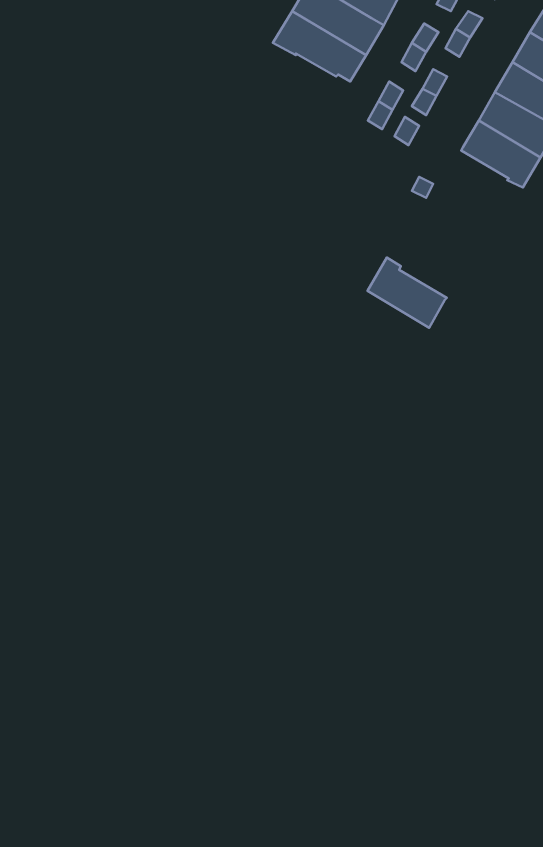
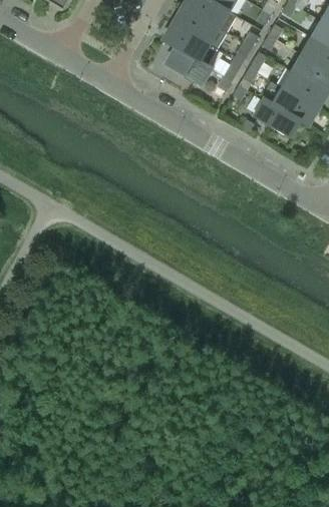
building: none -> [168,47,215,85]
building: [367,257,447,328] -> [254,95,299,135]

